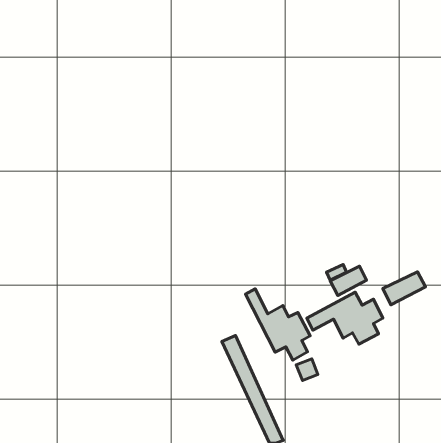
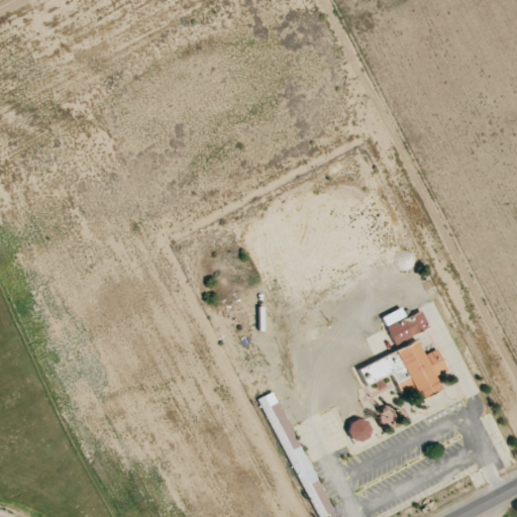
building: [383,272,426,305] -> none
building: [246,289,310,360] -> none

